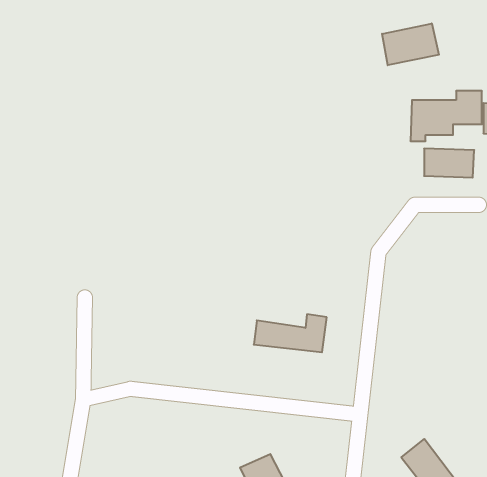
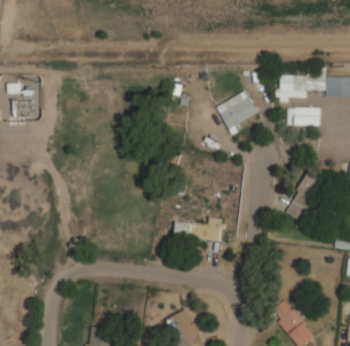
building: [382,23,439,65] -> none
building: none -> [216,90,257,128]
building: none -> [284,171,322,218]

